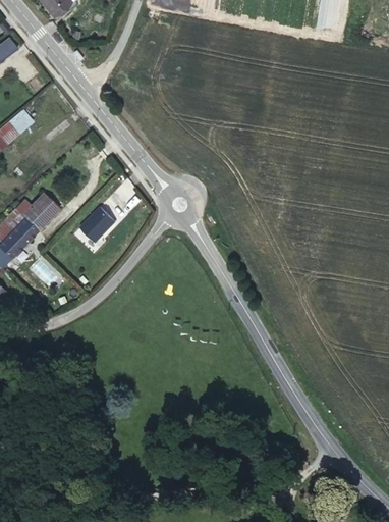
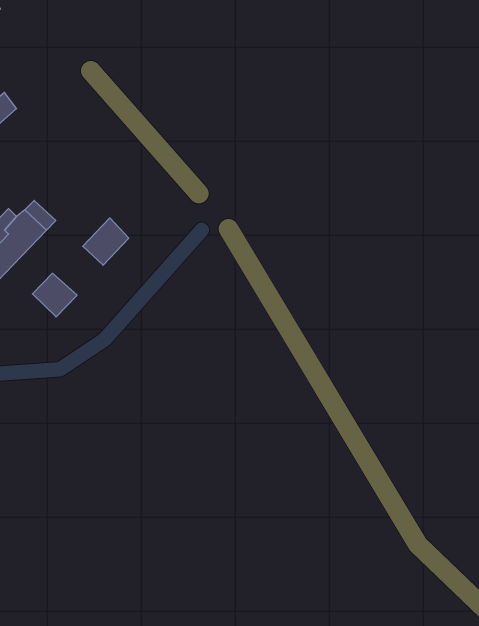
building: none -> [32,273,77,317]

